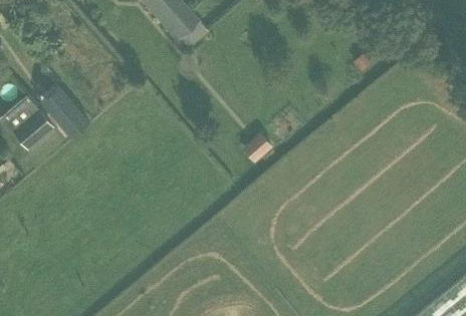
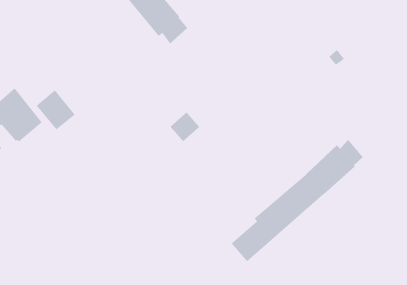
building: [241,129,273,162] -> [169,111,200,142]
building: none -> [231,139,363,262]

